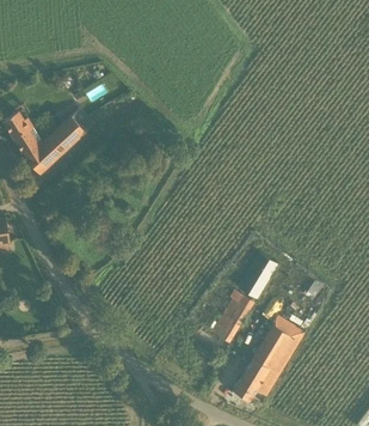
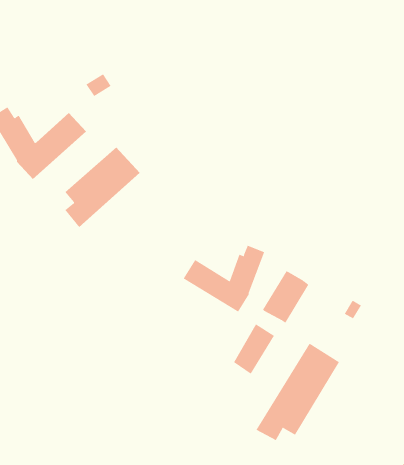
building: none -> [64,147,140,228]
building: none -> [183,245,265,313]

